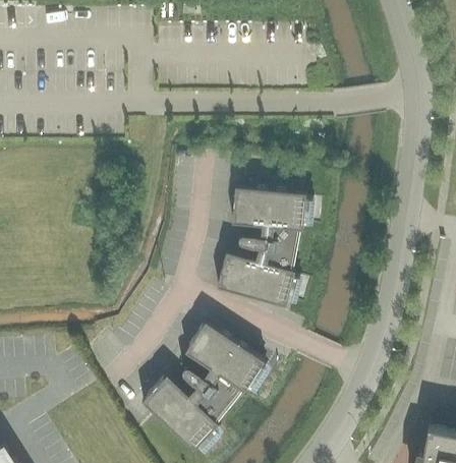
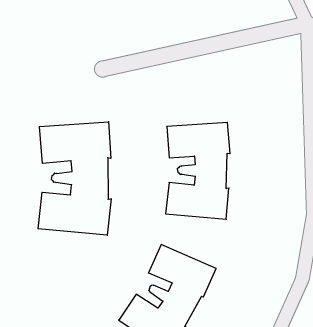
building: none -> [38,122,111,235]

